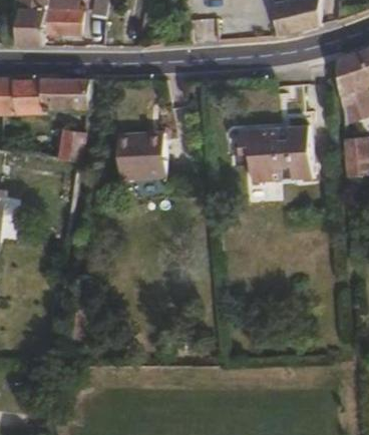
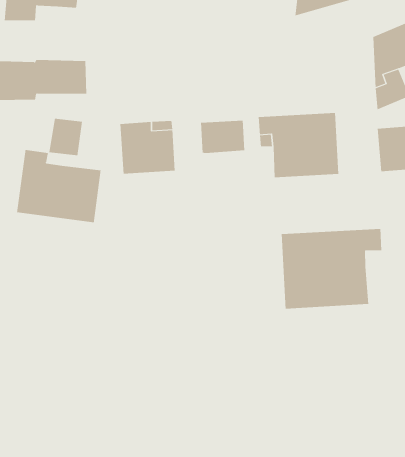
building: none -> [200,120,245,154]
building: none -> [17,149,101,223]
building: none -> [281,228,382,310]

